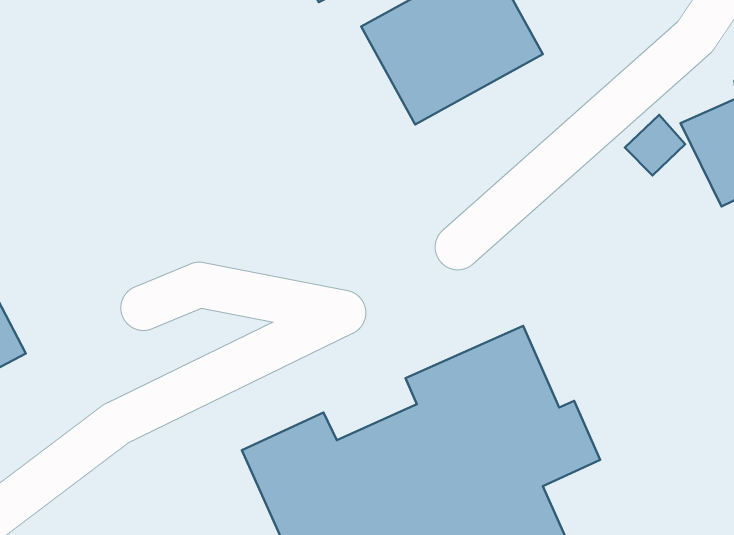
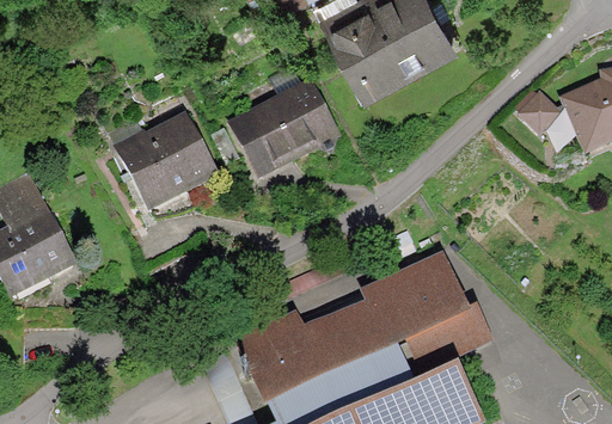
building: none -> [224,64,339,186]
building: none -> [109,109,222,217]

